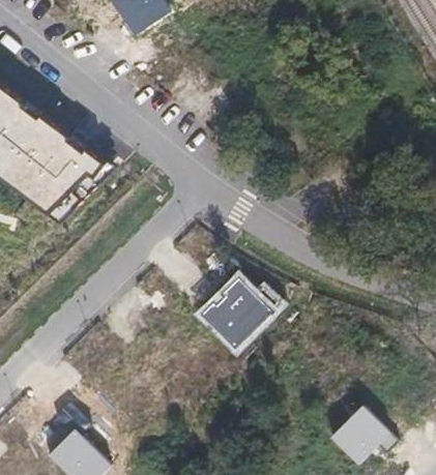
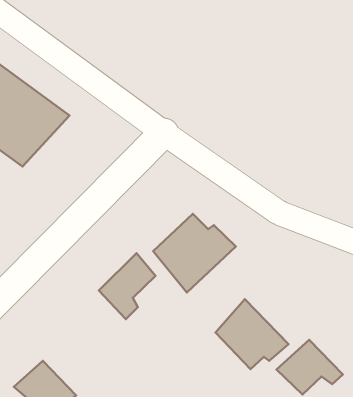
building: none -> [99,253,156,319]
building: none -> [215,299,288,369]

